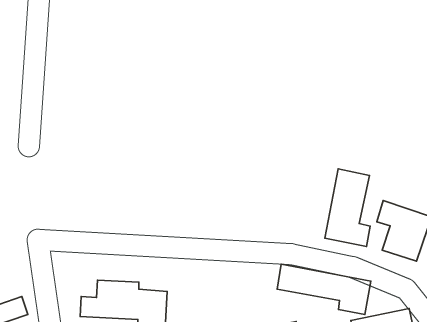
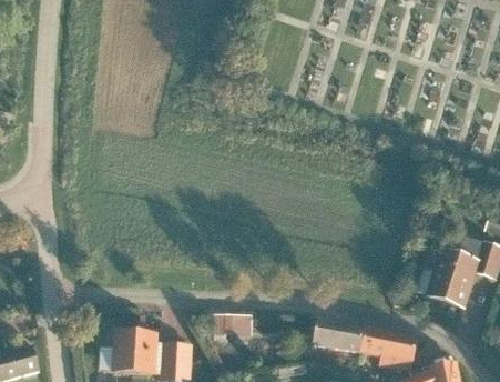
building: [325,169,370,246] -> none
building: none -> [211,318,248,338]

